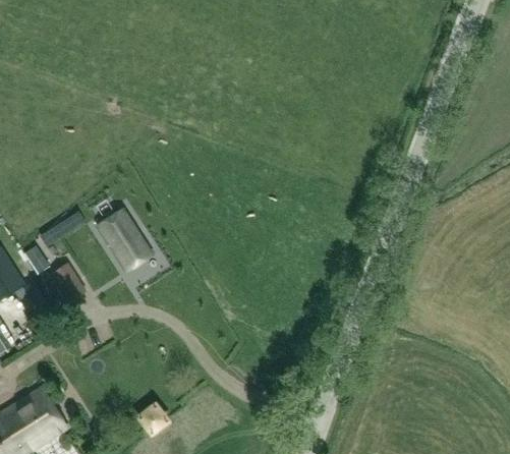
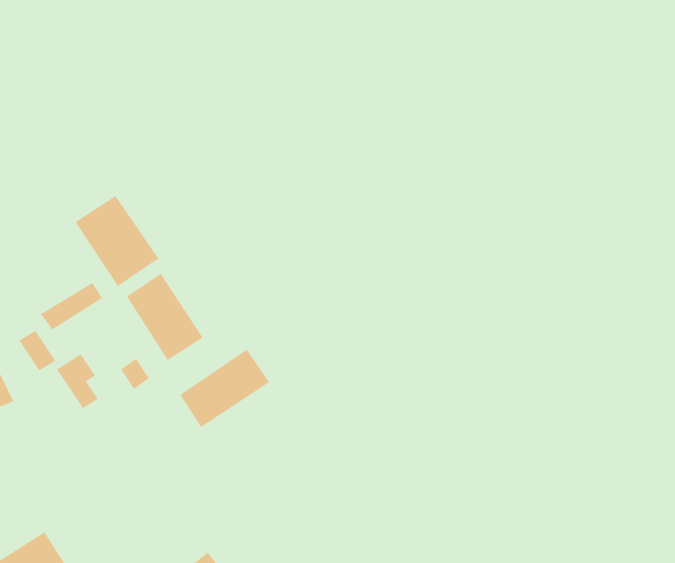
building: none -> [75,195,159,287]
building: none -> [179,349,270,428]

